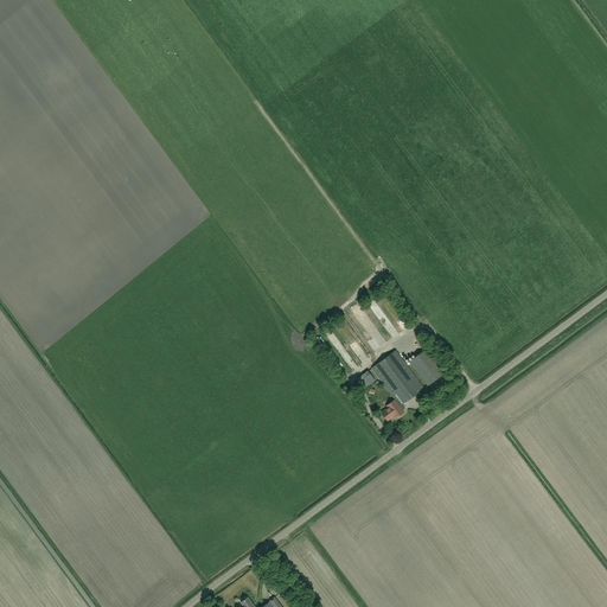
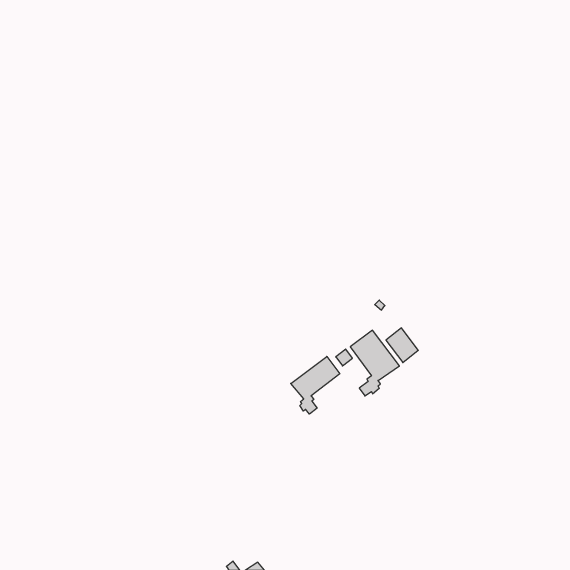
building: none -> [291,356,340,414]

